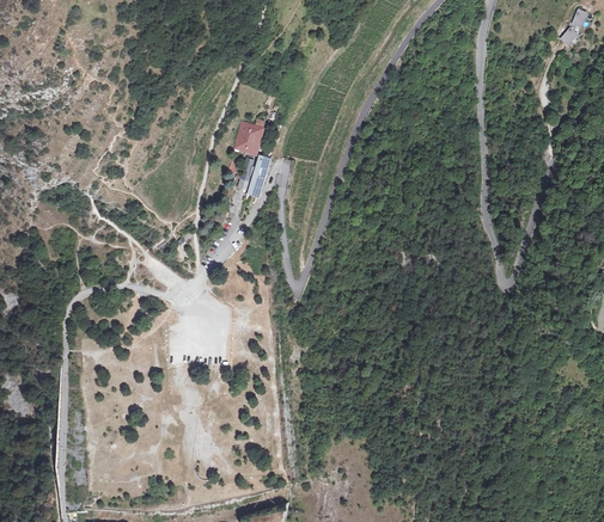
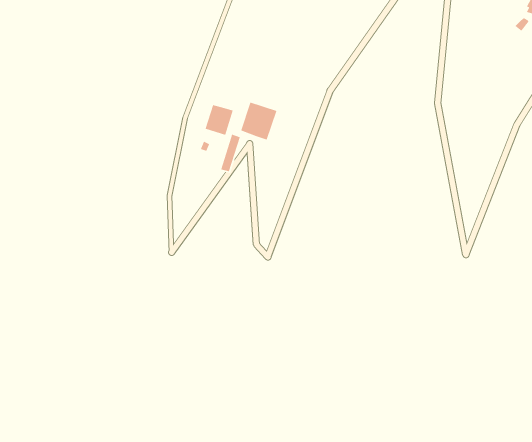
building: none -> [240,102,277,141]

